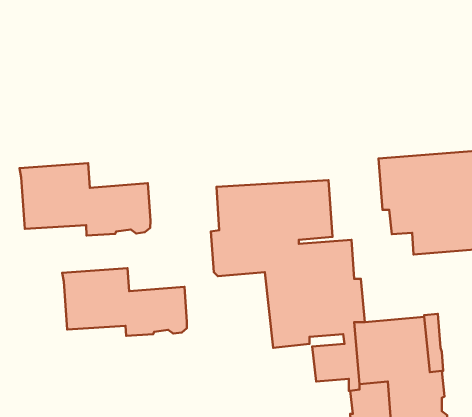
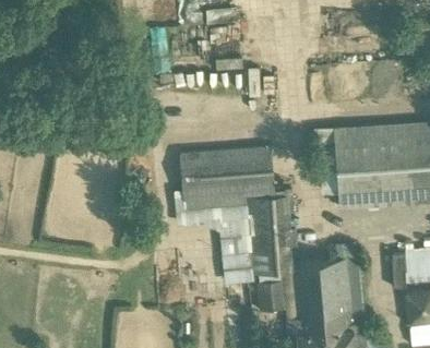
building: [19,163,150,236] -> none
building: [62,268,187,336] -> none

